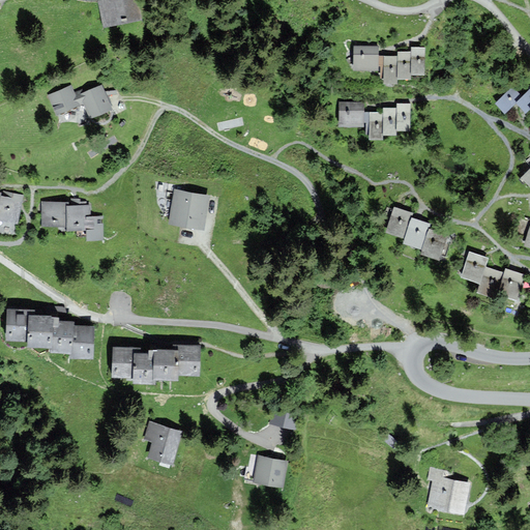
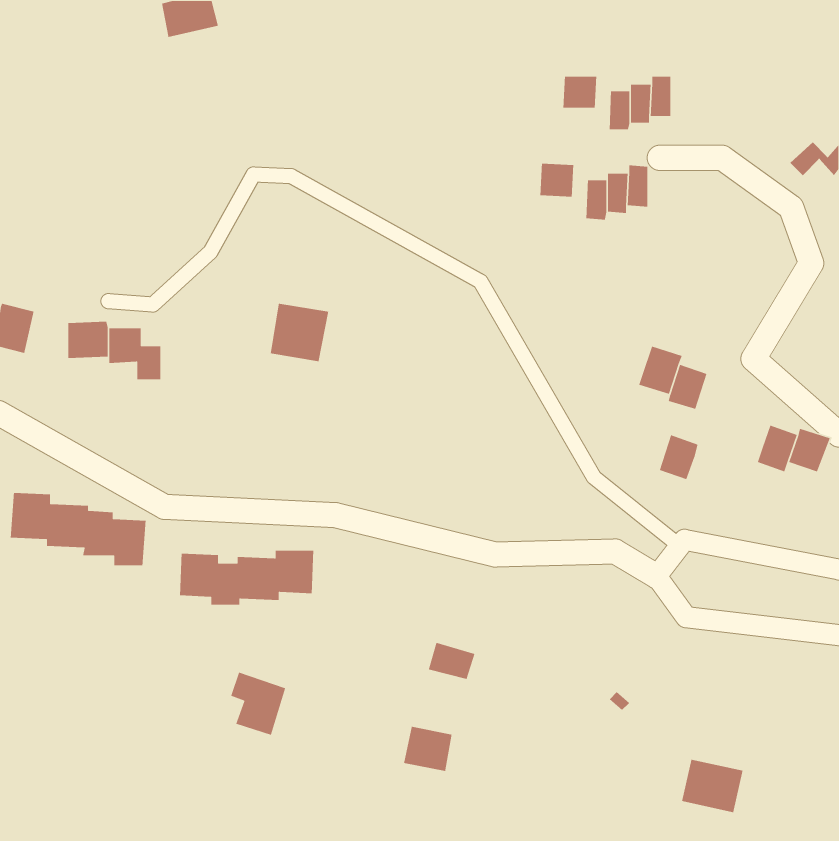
building: [50,87,109,116] -> none
building: [386,208,411,236] -> none
building: [462,253,487,282] -> [659,434,698,480]

